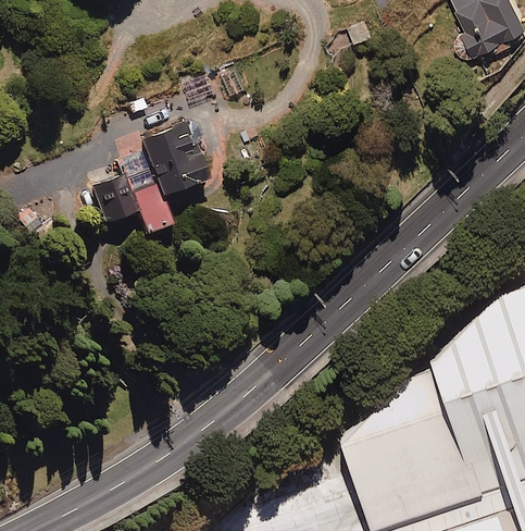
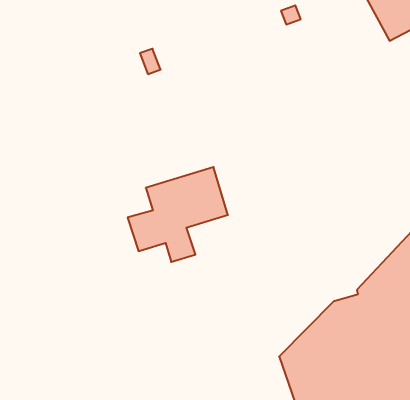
building: [86,120,207,234] -> [128,167,228,262]

